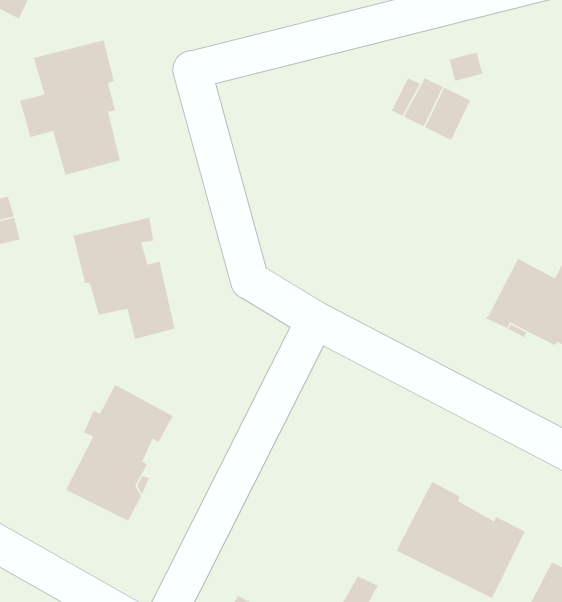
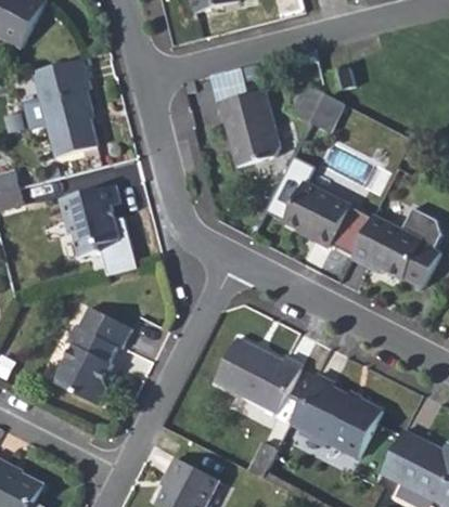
building: none -> [214,89,278,165]
building: none -> [267,153,375,256]
building: none -> [215,338,302,413]

